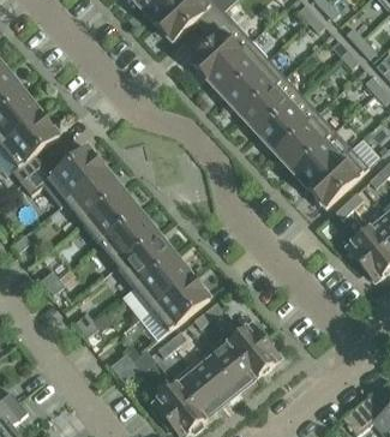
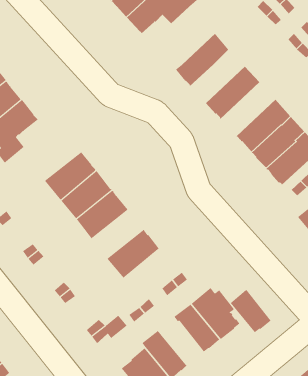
building: [191,11,252,80] -> none
building: [224,58,284,116] -> none
building: [258,94,318,152] -> none
building: [22,146,106,206] -> none
building: [116,233,174,287] -> none
building: [151,275,209,330] -> none
building: [194,355,240,405] -> [230,289,272,334]

